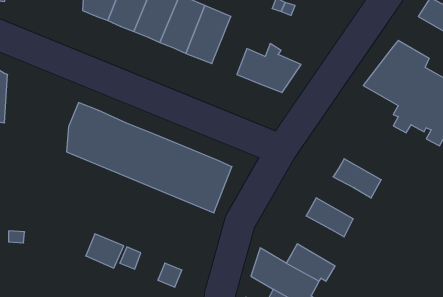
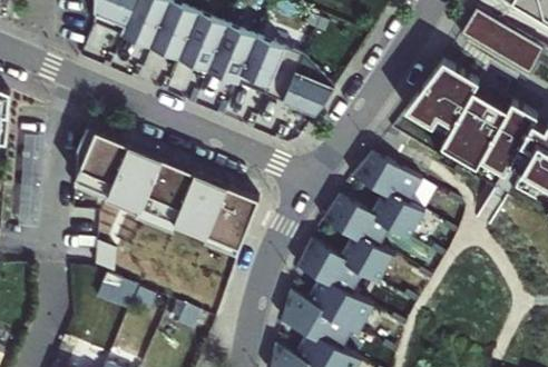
building: none -> [236,34,304,99]
building: none -> [352,150,428,216]
building: none -> [323,191,398,259]
building: none -> [296,238,379,311]

